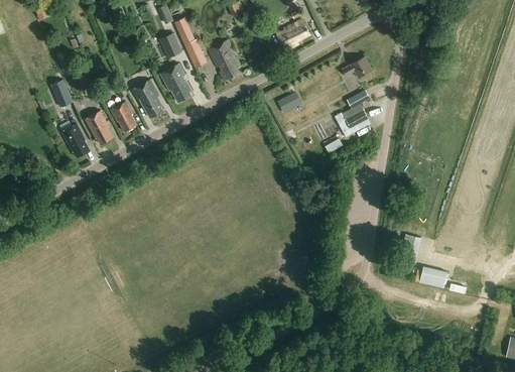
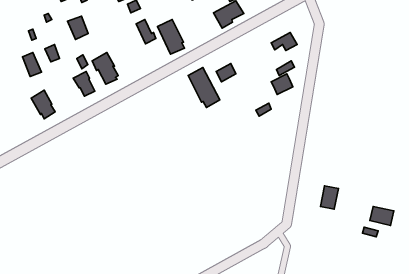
building: [158,31,182,58] -> [68,16,88,39]
building: [161,63,192,101] -> none
building: none -> [188,68,220,108]
building: [84,111,113,143] -> none
building: [419,266,447,288] -> [370,207,394,226]

